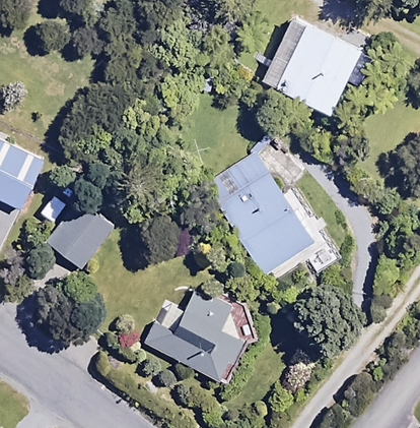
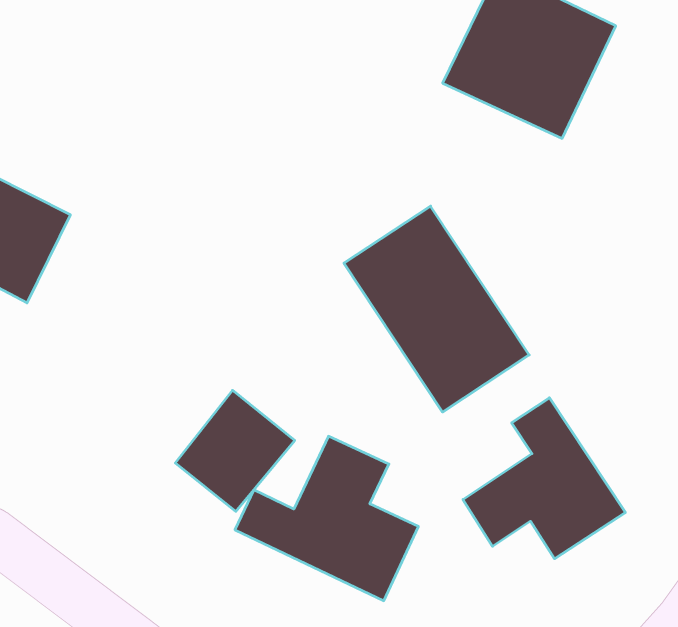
building: [46,197,116,268] -> [175,390,295,511]
building: none -> [463,398,625,559]

